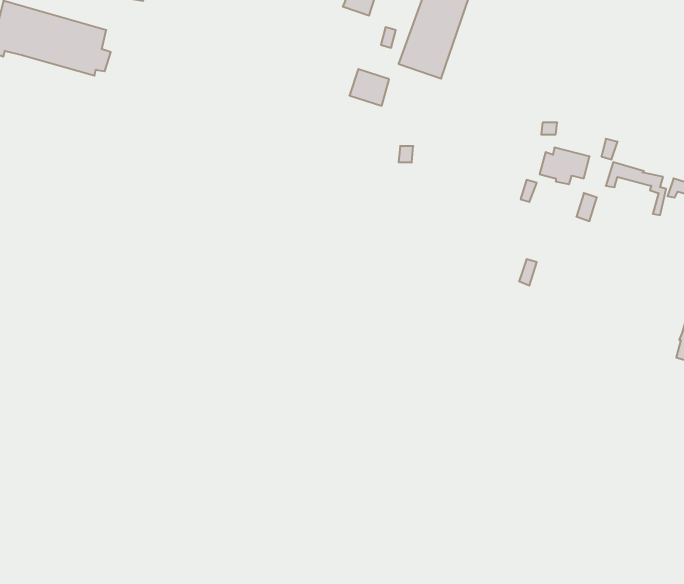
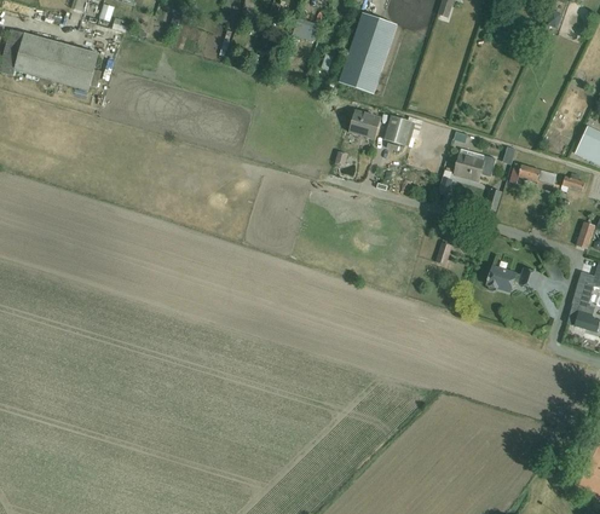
building: [349,69,389,106] -> [348,109,381,139]
building: none -> [385,115,421,145]
building: none -> [489,265,541,290]

